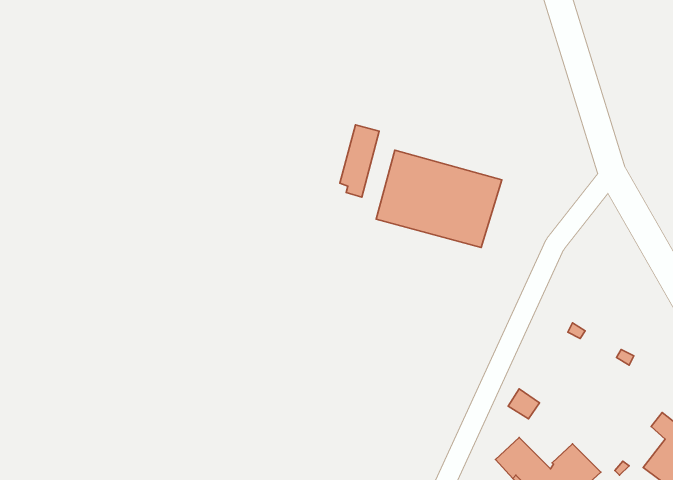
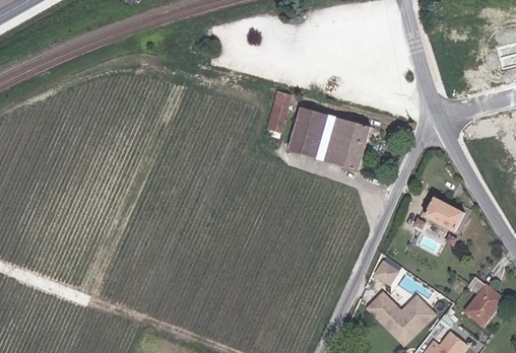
building: none -> [425,197,464,231]

